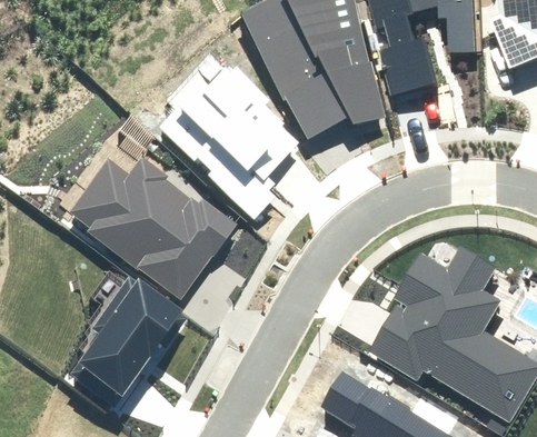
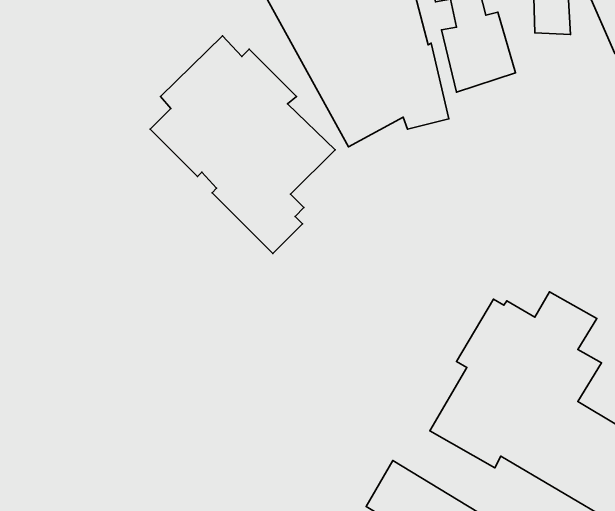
building: [70,158,241,299] -> none
building: [69,276,187,407] -> none

